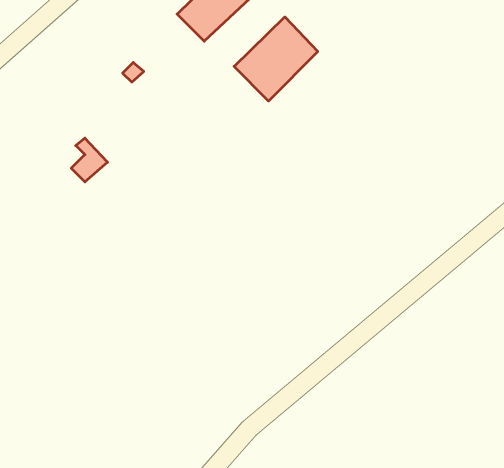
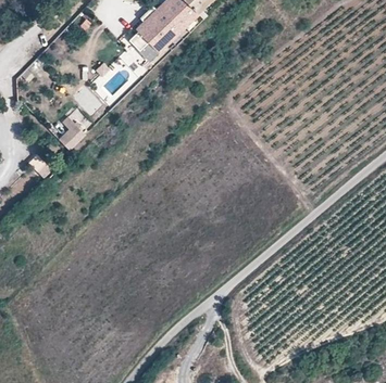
building: [234,17,318,101] -> none

